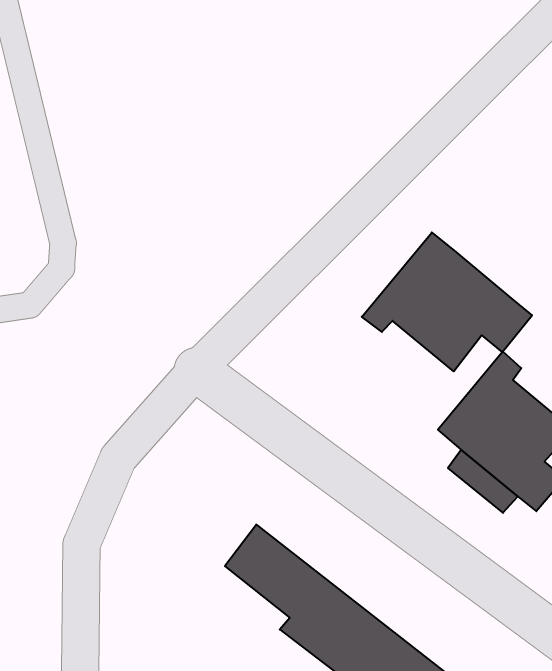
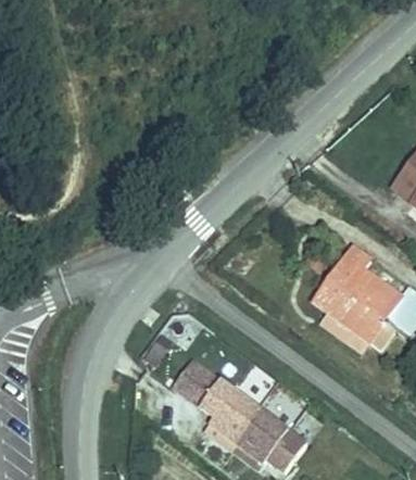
building: [362,232,532,371] -> none

